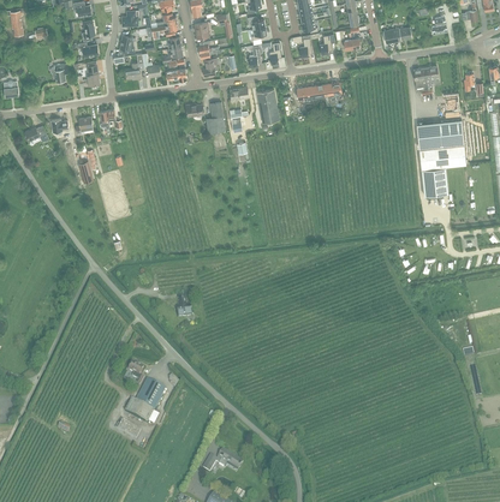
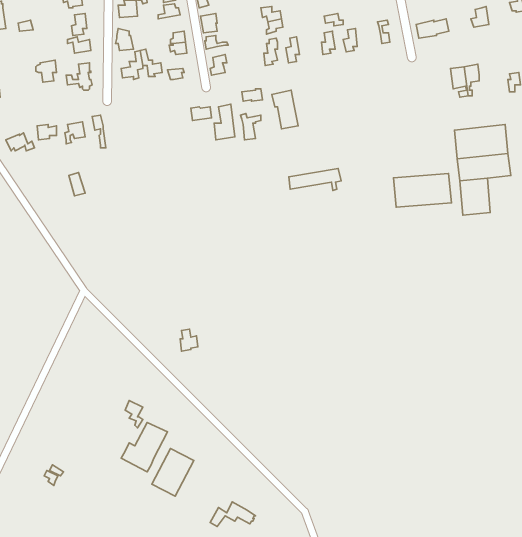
building: [296,80,341,100] -> [289,168,341,190]
building: none -> [393,173,451,207]
building: none -> [152,448,194,496]

